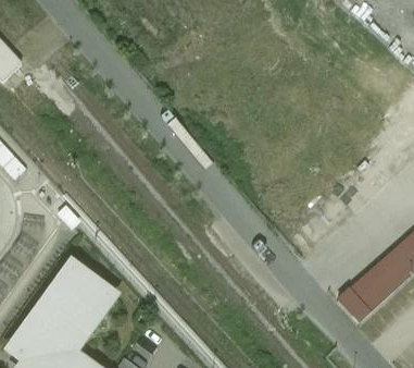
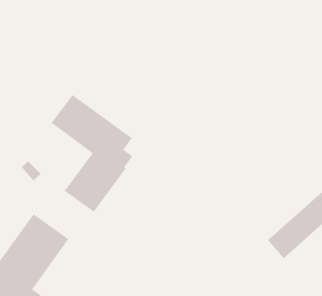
building: none -> [51,94,133,213]

